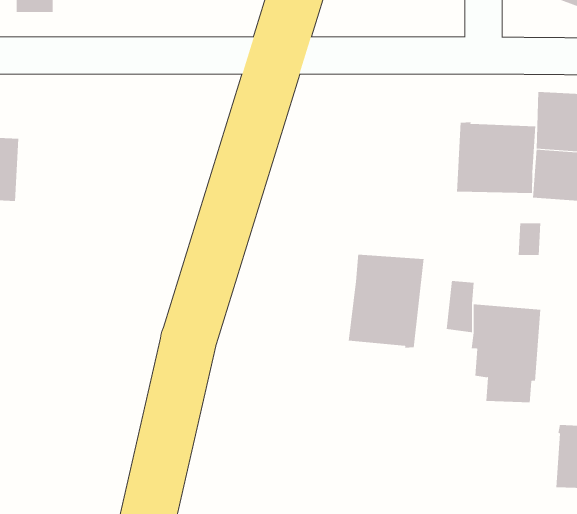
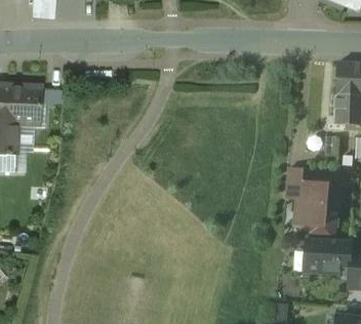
building: [457,122,536,194] -> none
building: [348,254,424,349] -> none
building: none -> [304,236,342,270]

